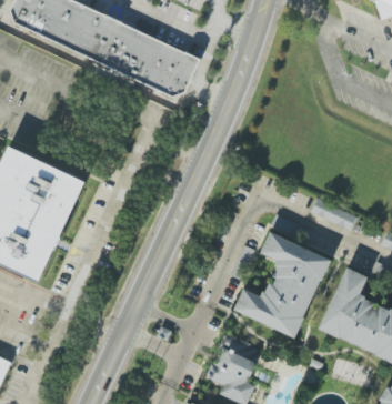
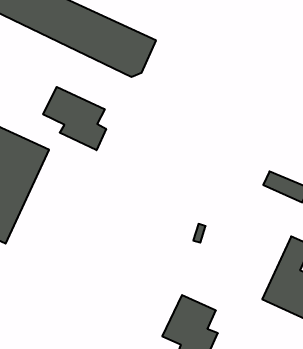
building: none -> [43,87,106,150]
building: [232,231,338,342] -> none

